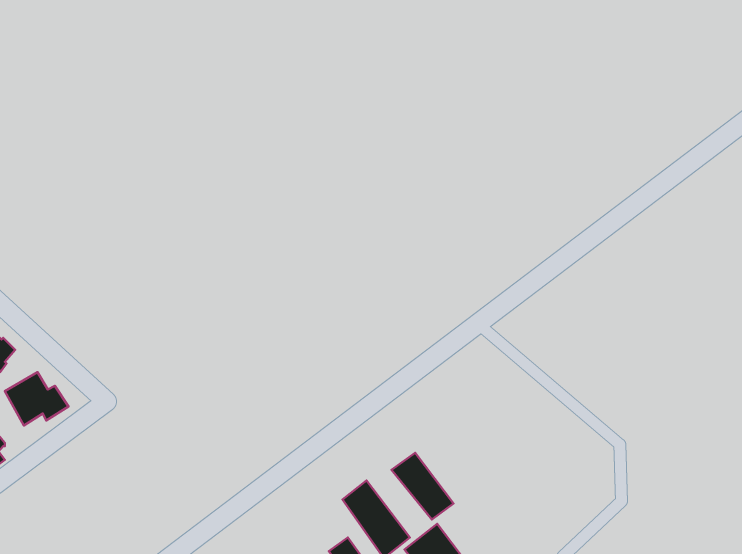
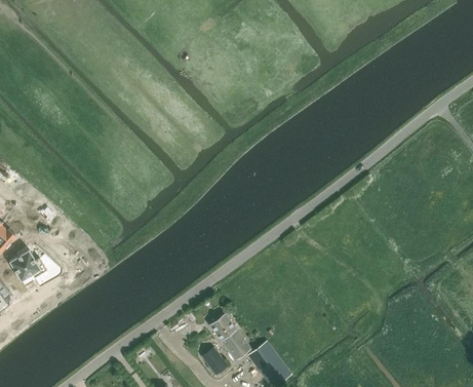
building: [391,453,453,519] -> none

